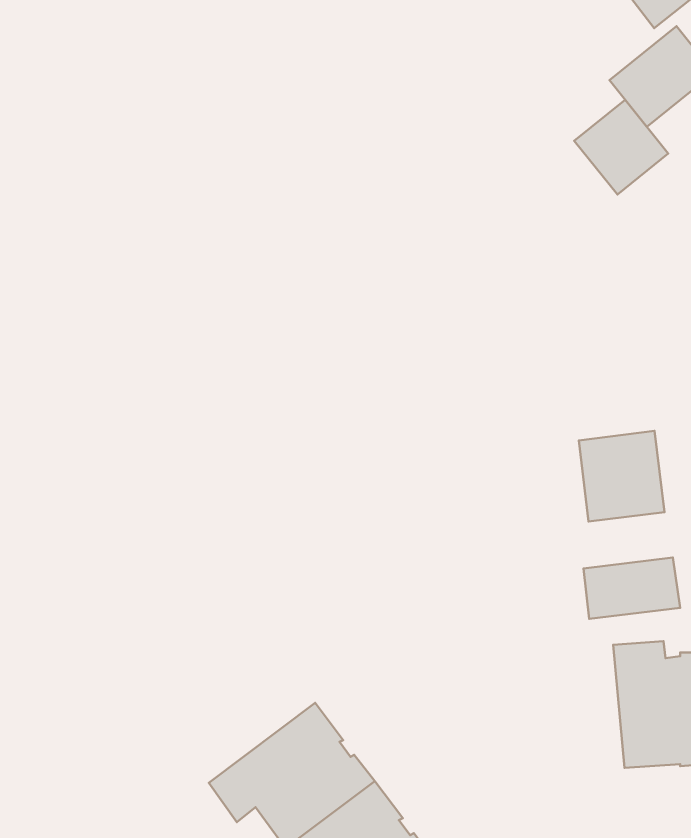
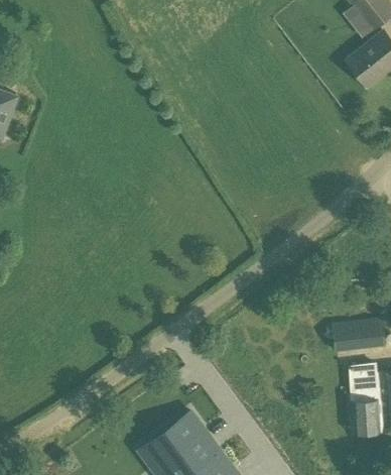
building: [574,100,668,195] -> none
building: [579,431,665,522] -> none

